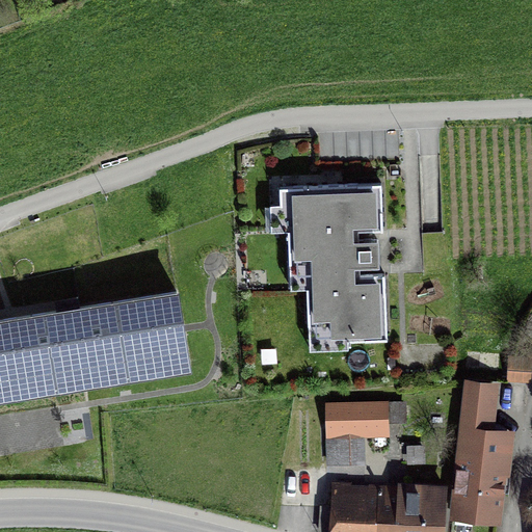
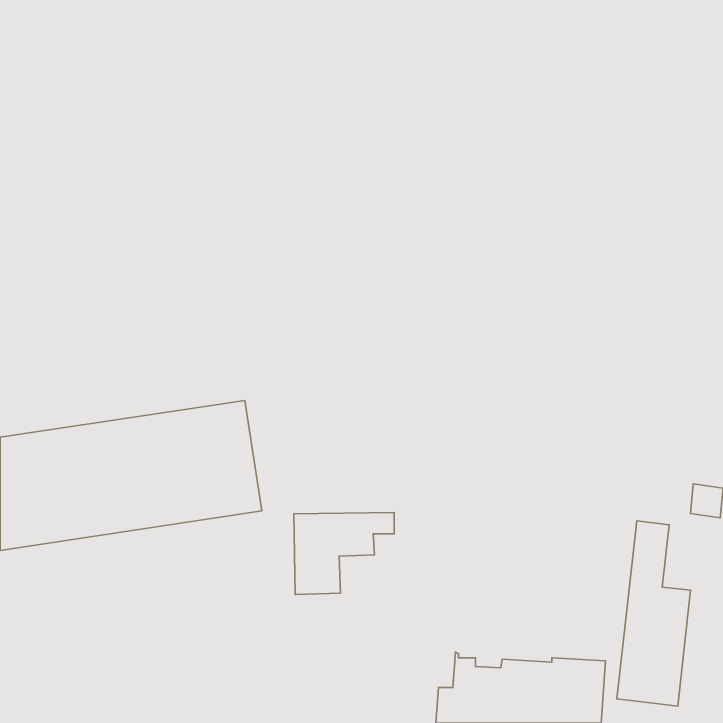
building: [280,182,387,340] -> none
building: [328,402,402,462] -> [294,512,394,595]

